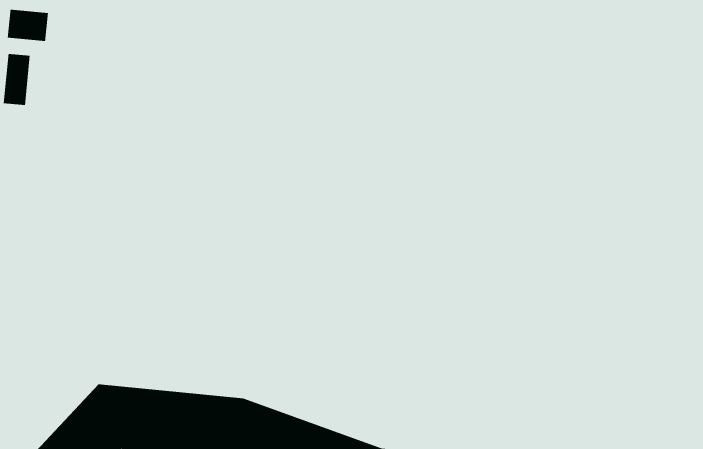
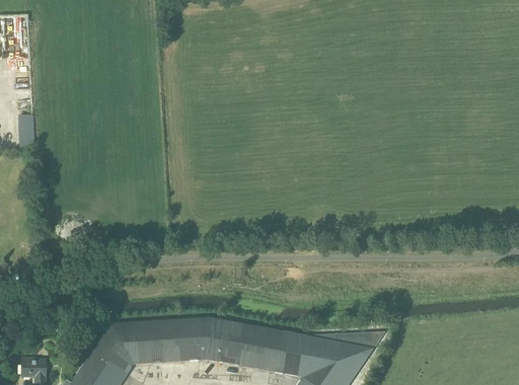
building: [7,9,49,42] -> none

